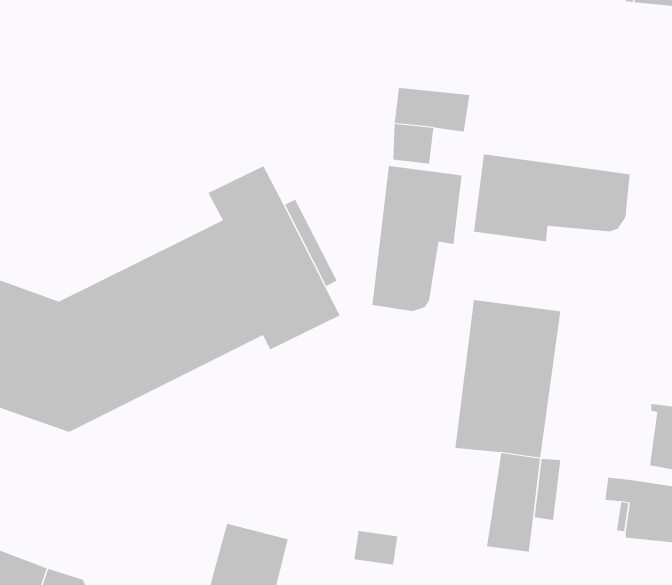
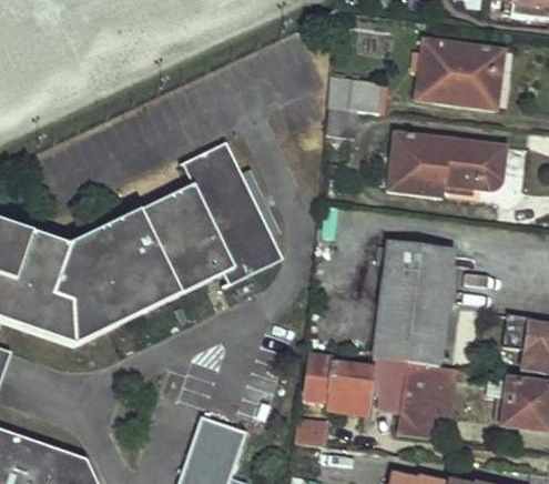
building: none -> [417,38,499,108]
building: [372,165,462,312] -> none
building: none -> [304,355,407,411]

